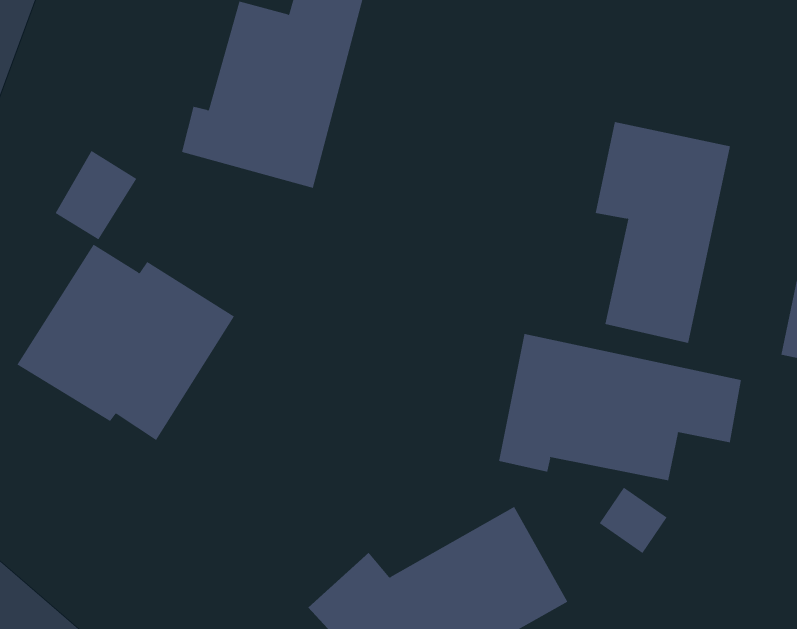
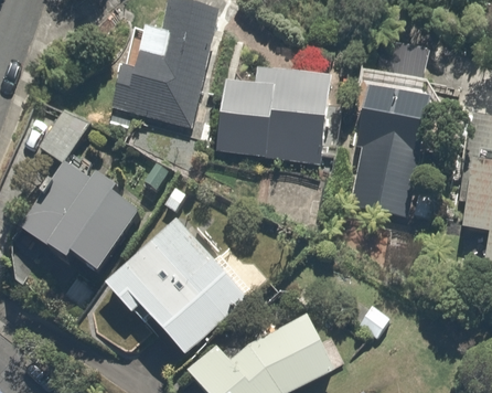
building: none -> [215,68,329,156]
building: [499,333,742,481] -> none
building: none -> [105,219,246,352]

